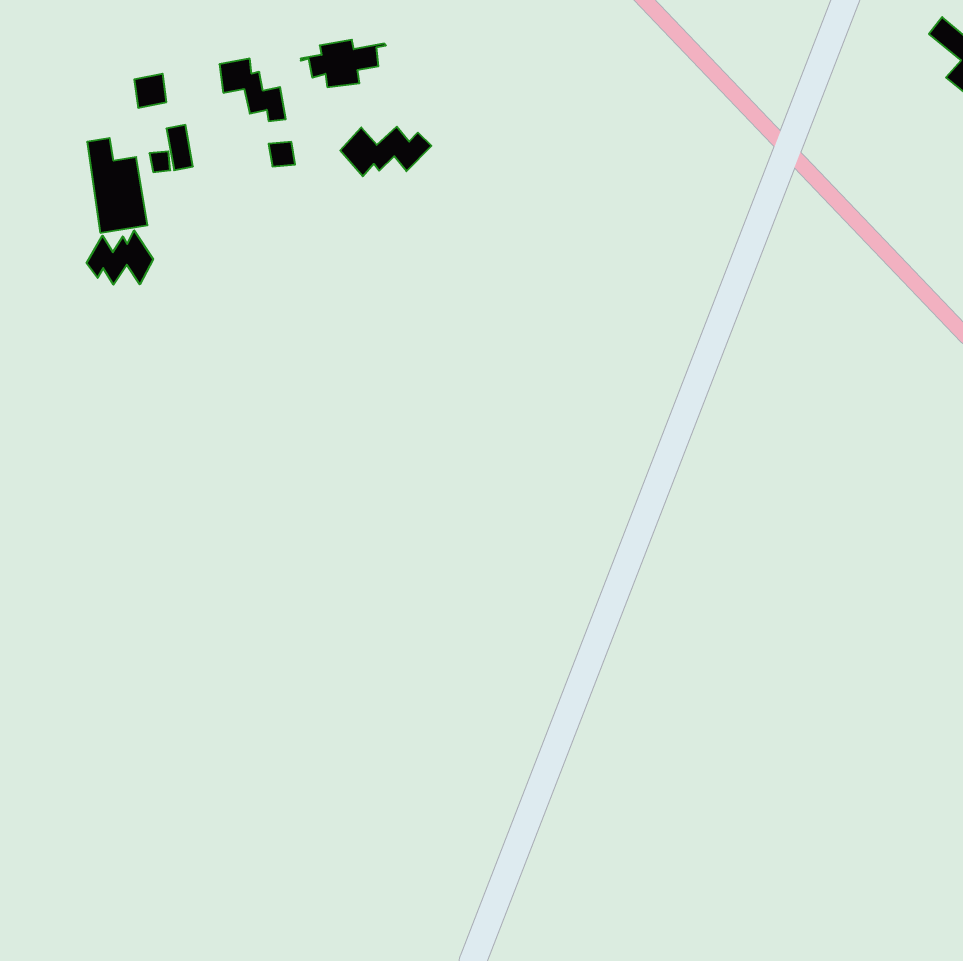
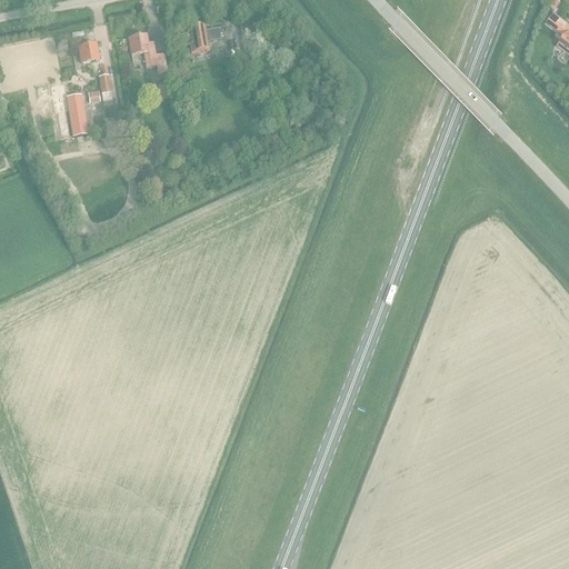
building: [340,127,431,176] -> none
building: [87,230,153,285] -> none

